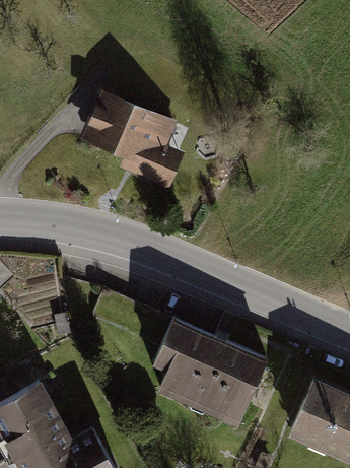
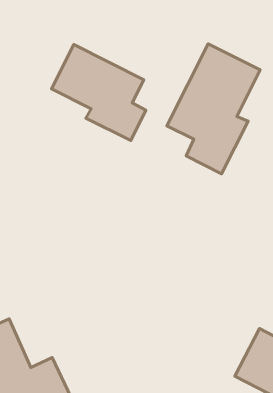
building: none -> [167,44,260,174]
building: [156,327,268,425] -> none

